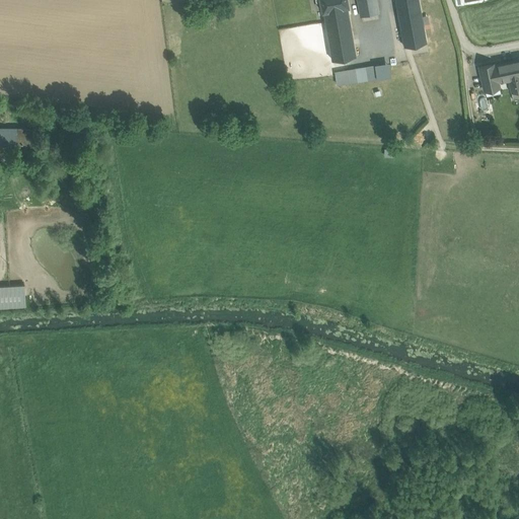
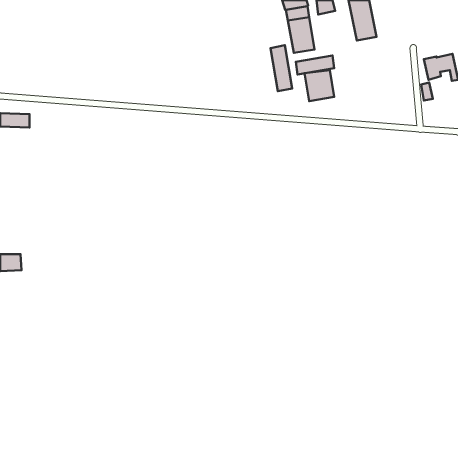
building: none -> [270,45,292,91]
building: none -> [305,70,334,101]

